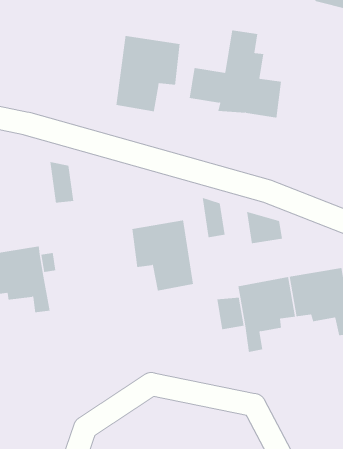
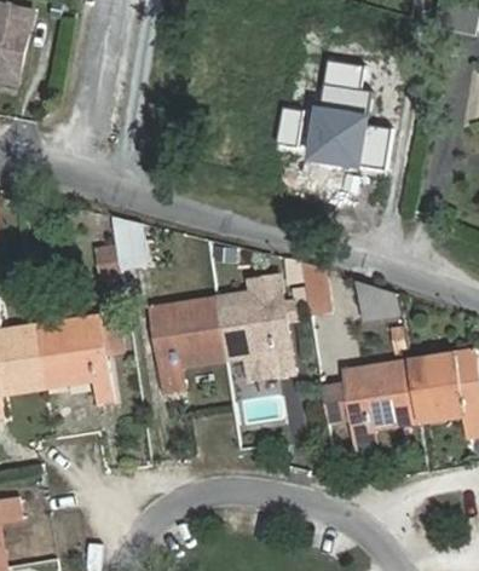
building: [116,35,180,112] -> none
building: none -> [145,301,217,391]

